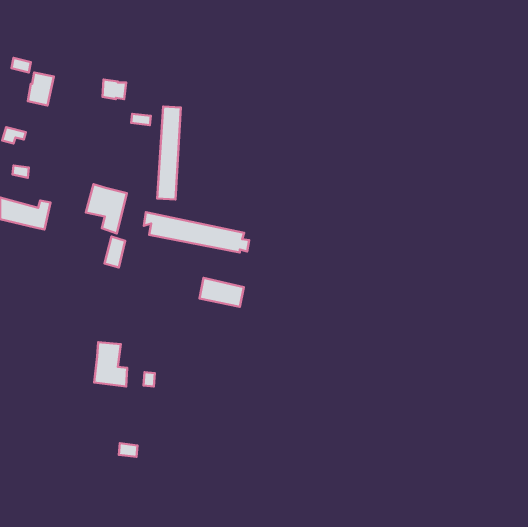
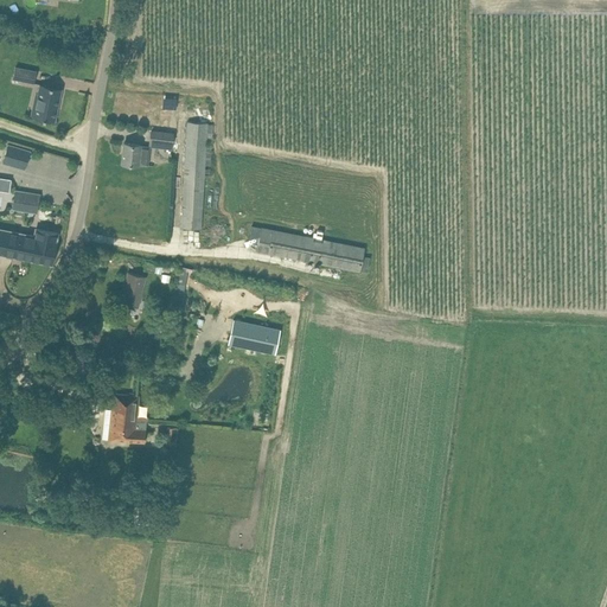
building: [102,79,126,99] -> [122,143,149,166]
building: [86,184,127,233] -> none
building: [144,212,249,253] -> [249,225,370,271]

